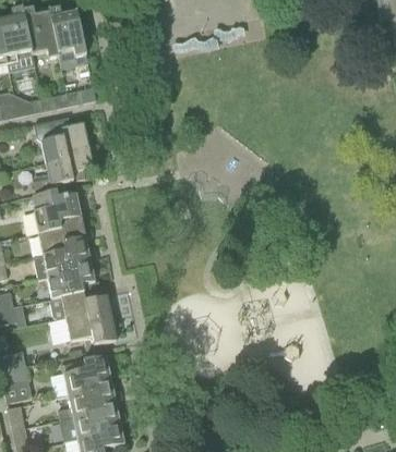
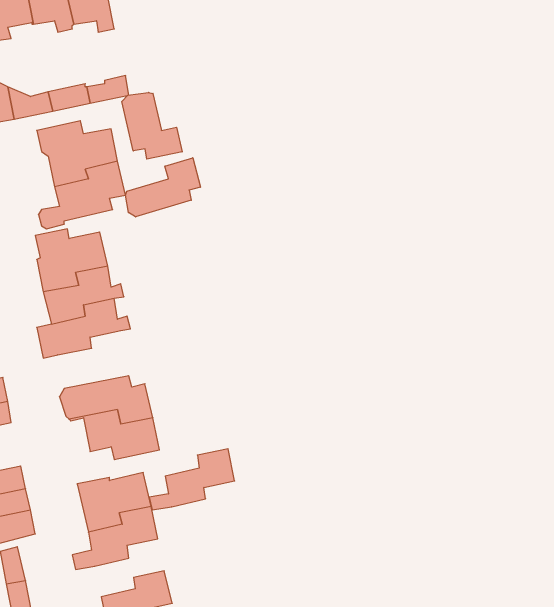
building: none -> [122,92,182,159]
building: none -> [126,158,200,217]
building: [48,260,96,300] -> none
building: [62,401,120,442] -> [149,449,235,510]

